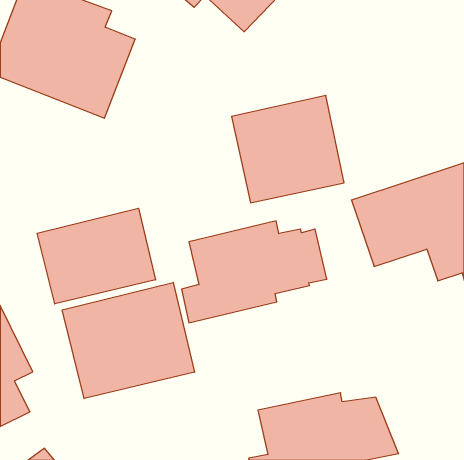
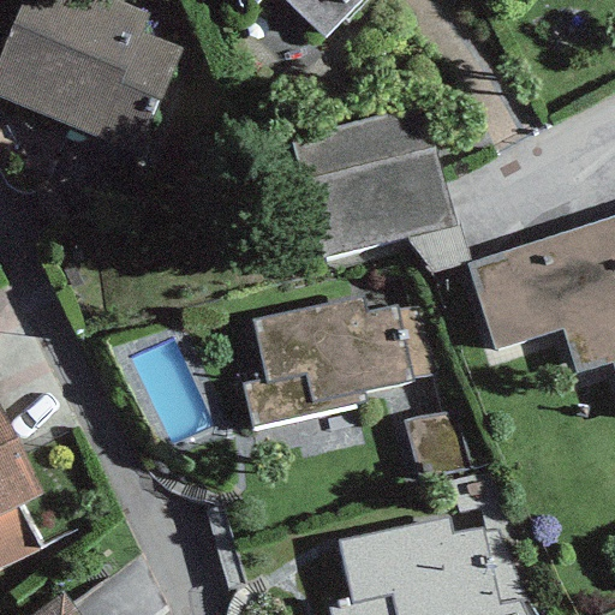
building: [37,208,156,304] -> none
building: [62,282,195,399] -> none

